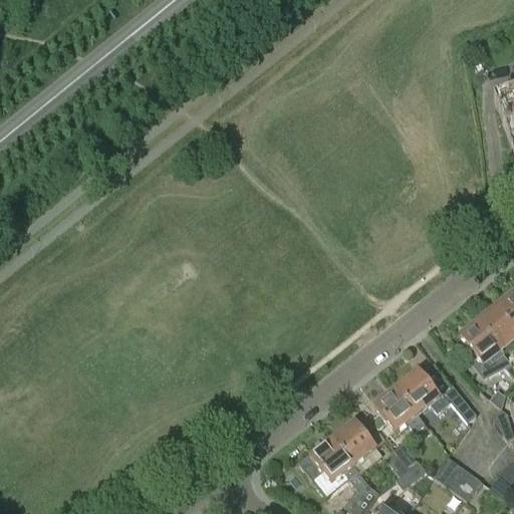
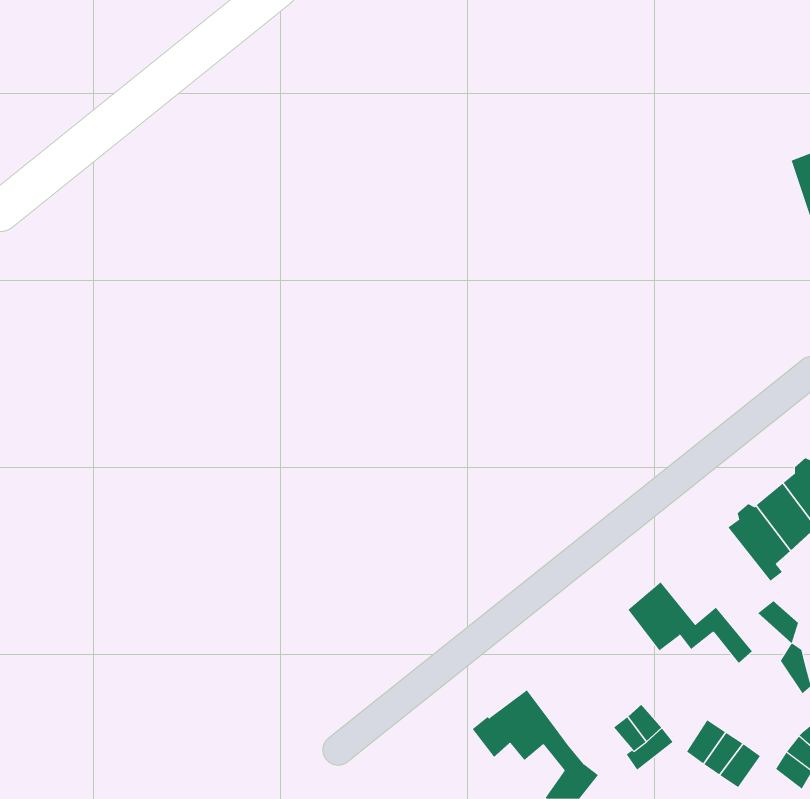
building: [374,386,426,430] -> none
building: [334,419,382,471] -> none

